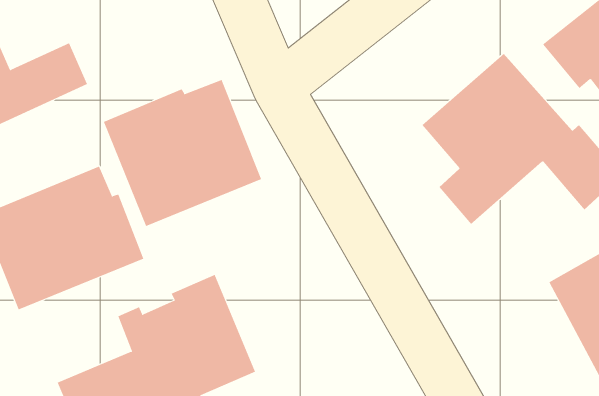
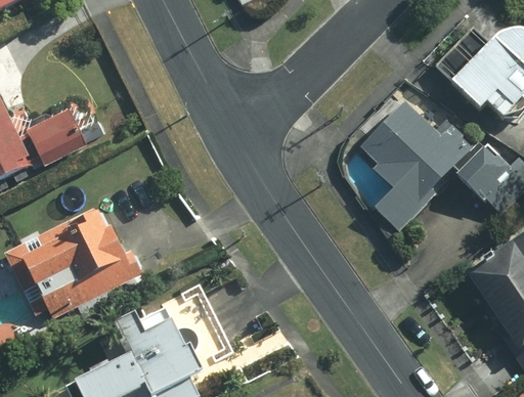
building: [103,79,262,227] -> none

